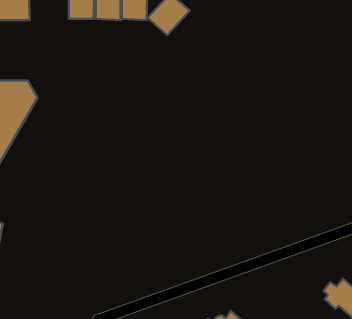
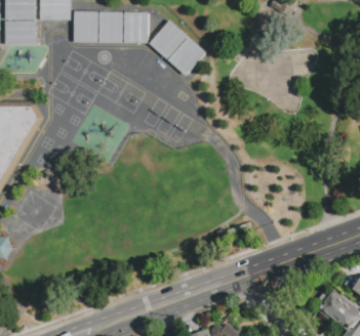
building: none -> [166,35,206,75]

